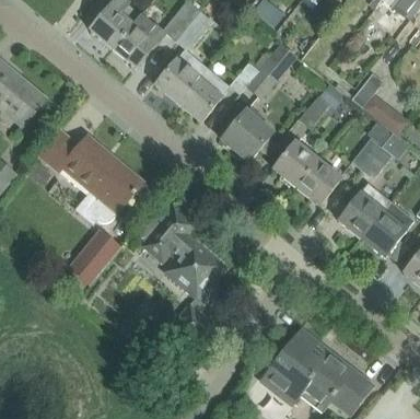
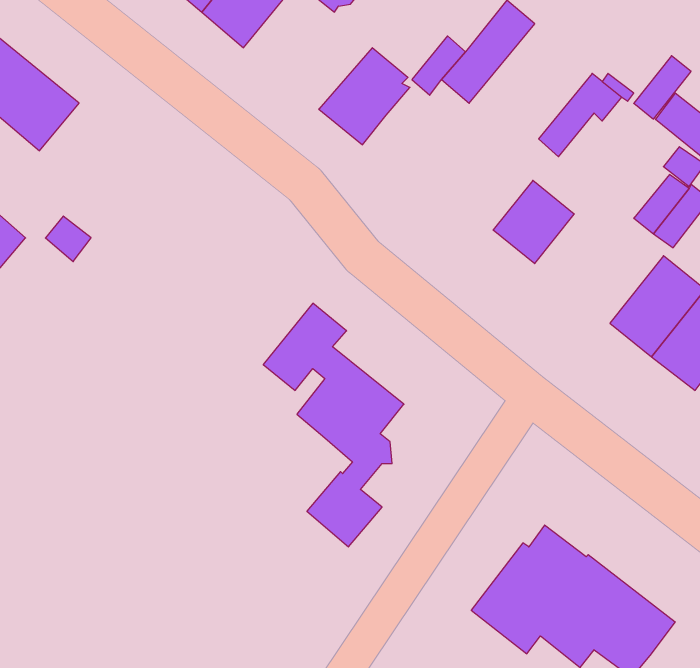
building: [155,49,207,102] -> none
building: [222,110,272,162] -> none
building: [37,129,144,213] -> none
building: [296,160,341,205] -> none
building: [72,234,119,284] -> none

